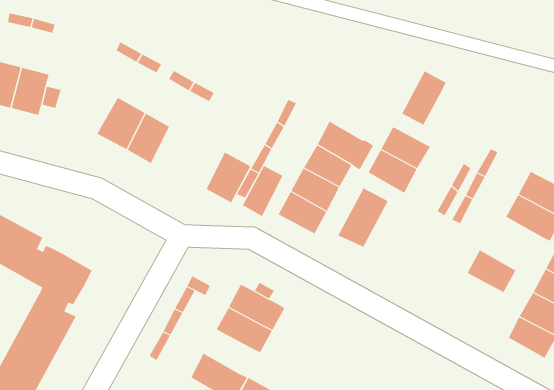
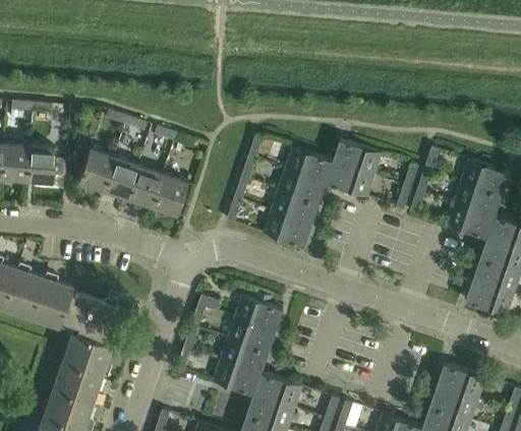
building: [402,71,447,126] -> none
building: none -> [75,150,112,192]
building: [206,152,251,203] -> [150,176,184,218]
building: [242,165,283,217] -> none
building: [338,187,388,247] -> none
building: [467,250,516,293] -> [446,203,486,236]
building: none -> [220,338,268,374]

